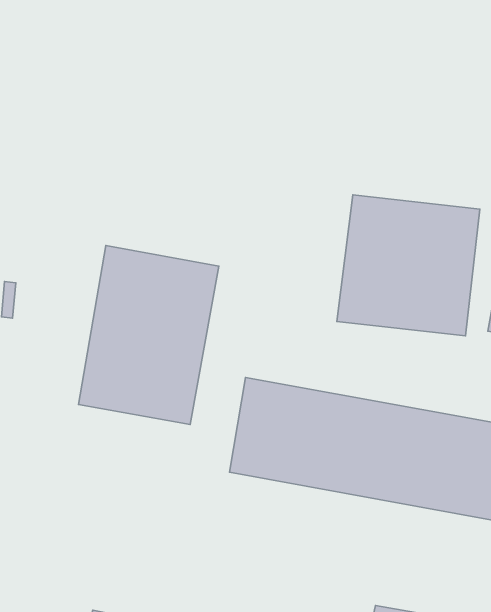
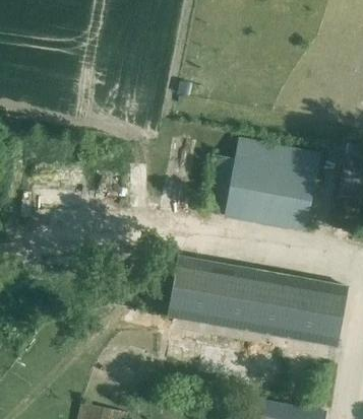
building: [79,245,219,425] -> none

